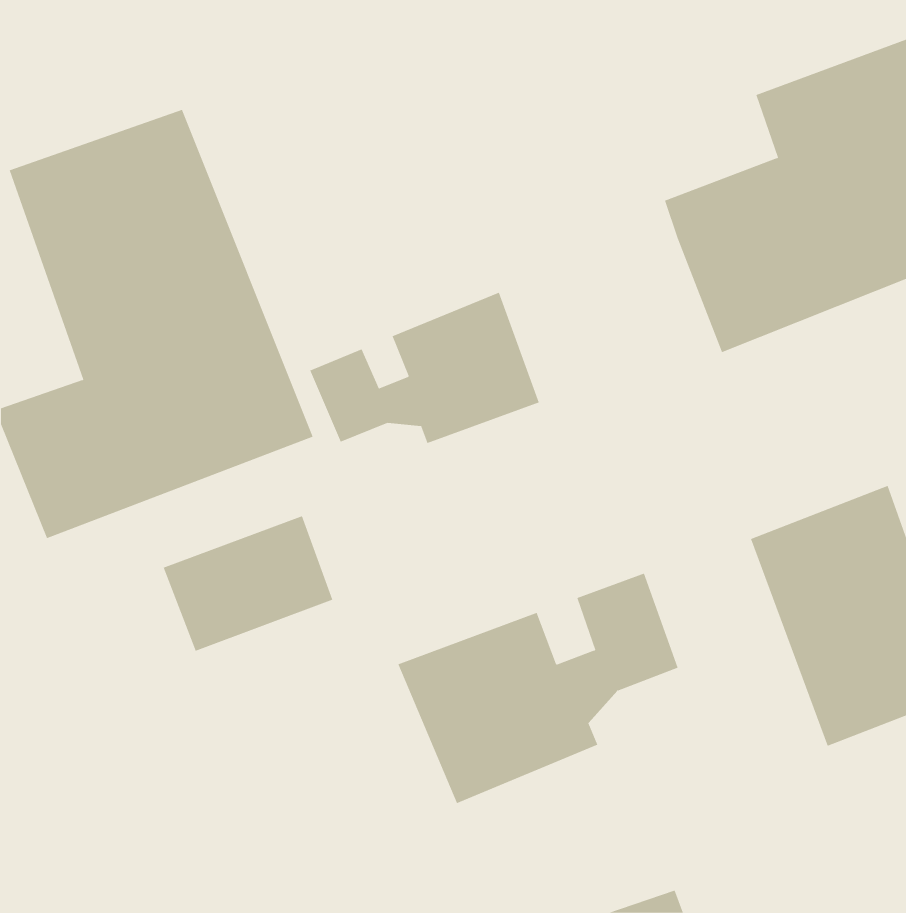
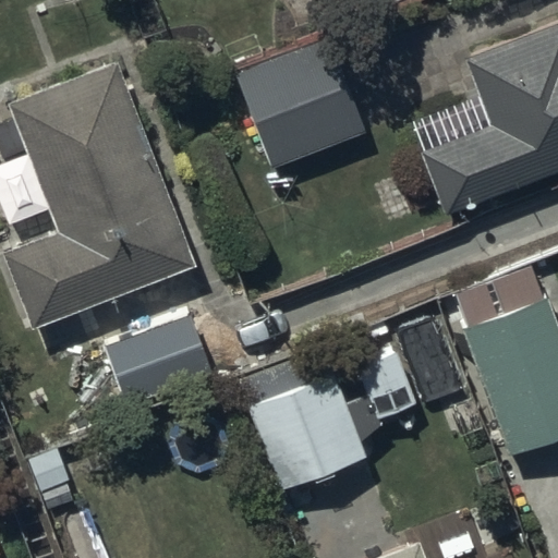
building: none -> [234,33,367,170]
building: [310,292,539,444] -> none

